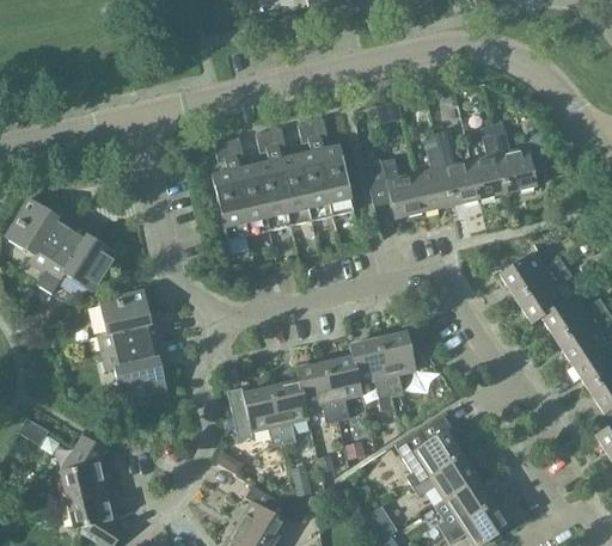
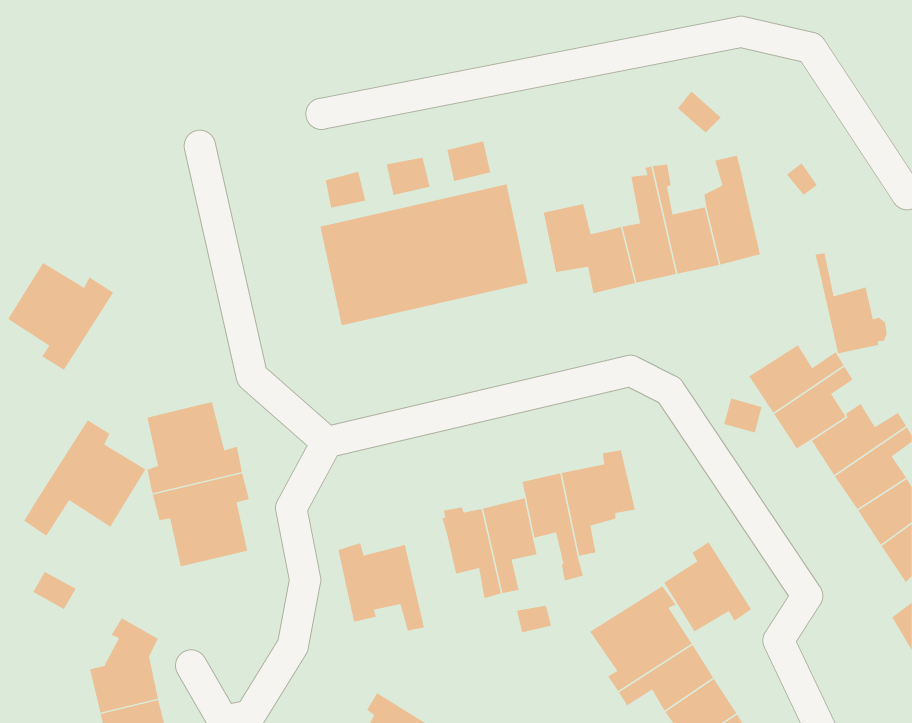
building: [494,124,543,192] -> [814,253,888,354]
building: [33,217,116,296] -> [23,419,146,537]
building: [271,380,307,442] -> none
building: none -> [663,541,752,633]

